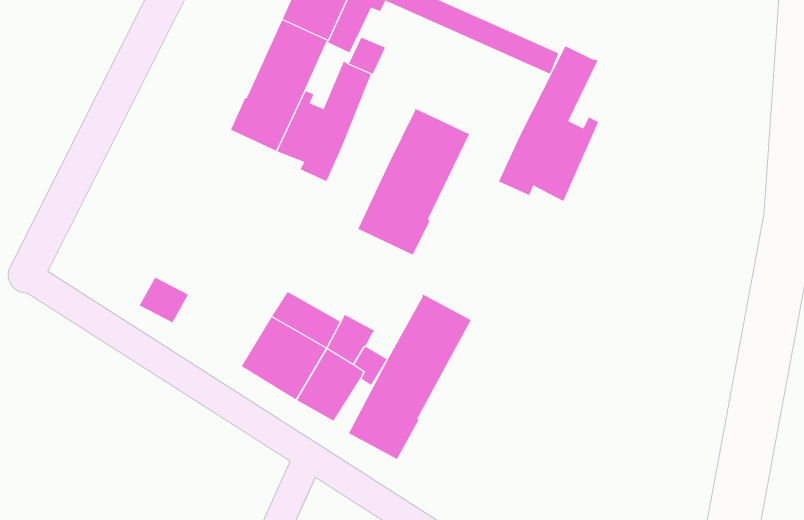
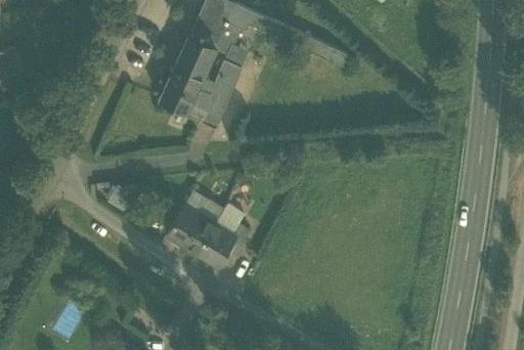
building: [498,44,599,202] -> none
building: [358,108,470,256] -> none
building: [348,293,472,460] -> none

